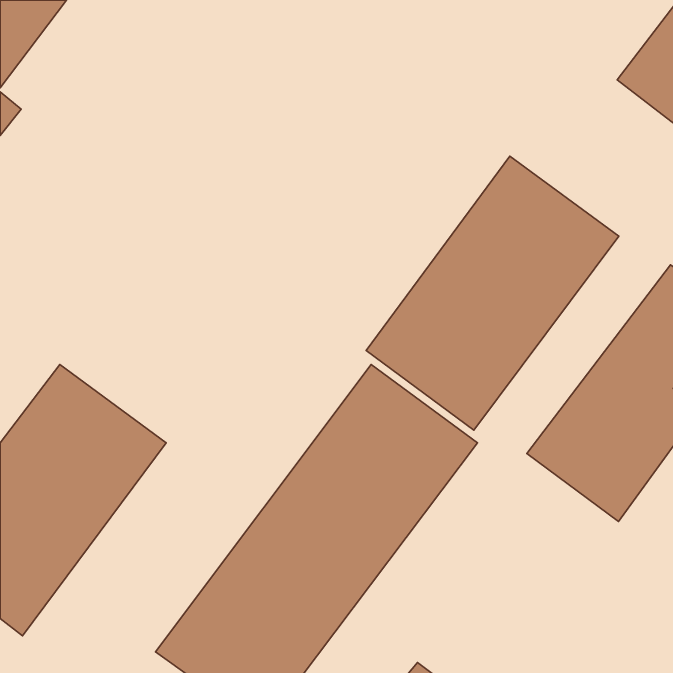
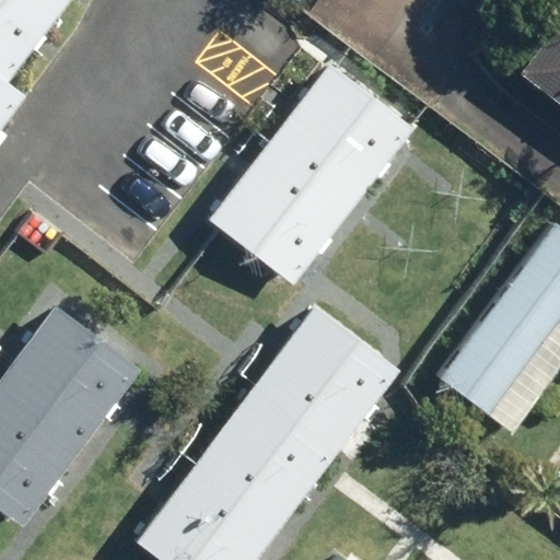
building: [366,156,619,430] -> [209,61,417,287]

